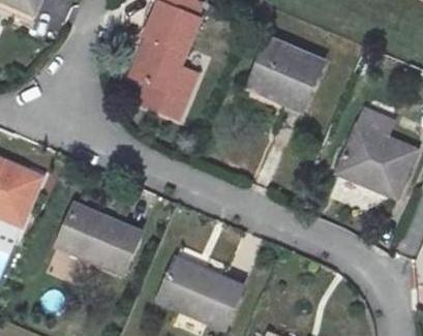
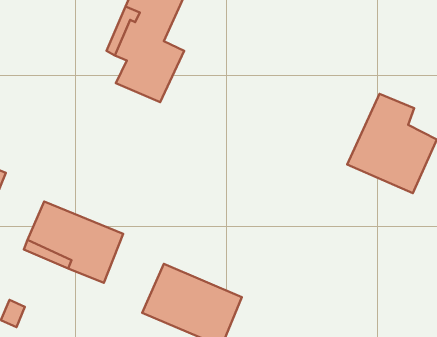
building: [245,36,320,115] -> none

